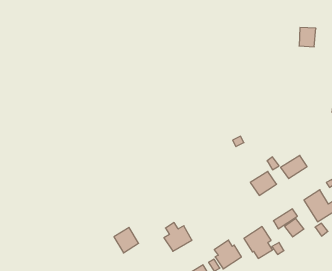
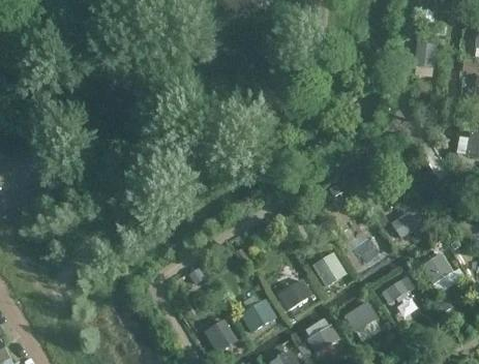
building: none -> [311,252,347,287]
building: none -> [276,278,312,311]
building: [114,227,139,253] -> [204,321,236,354]

